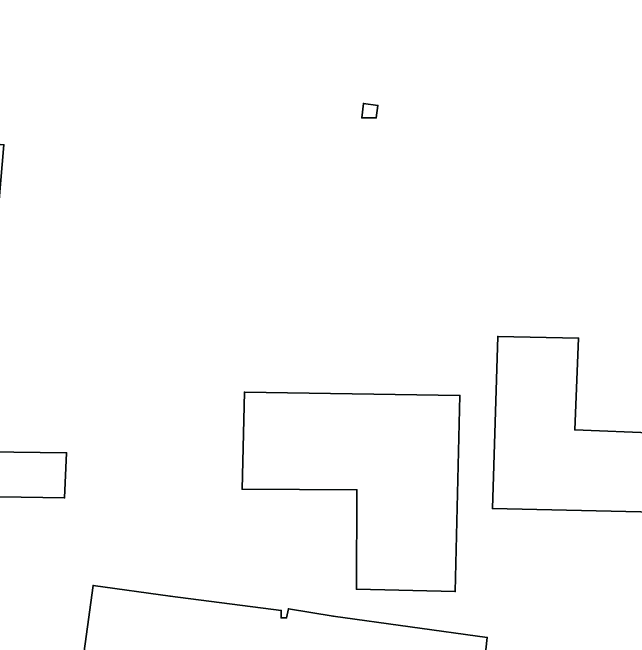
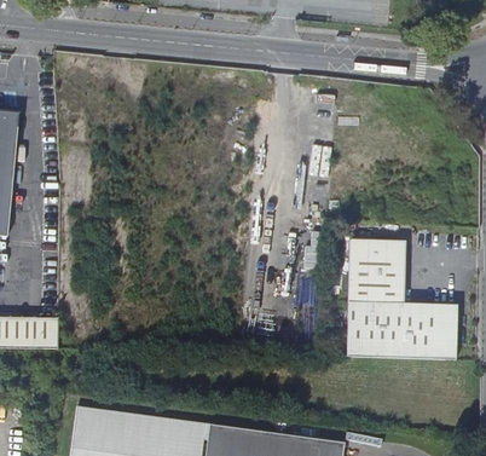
building: [242,392,460,591] -> none

